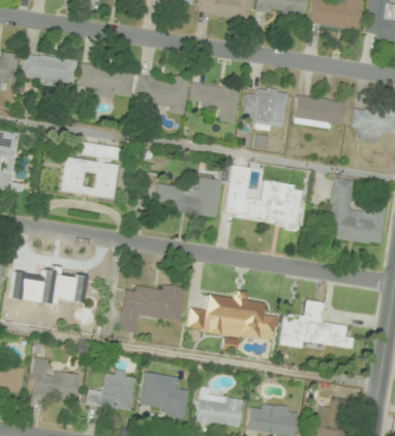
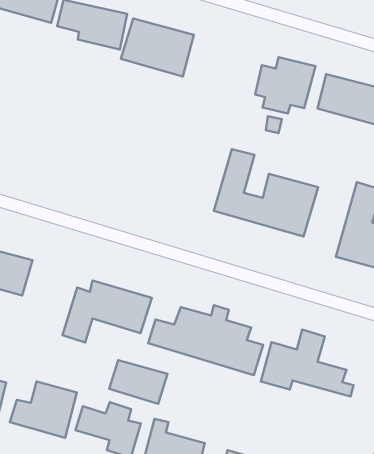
building: [188,82,239,123] -> none
building: [60,142,120,199] -> none
building: [154,177,221,217] -> none
building: none -> [109,360,168,404]

